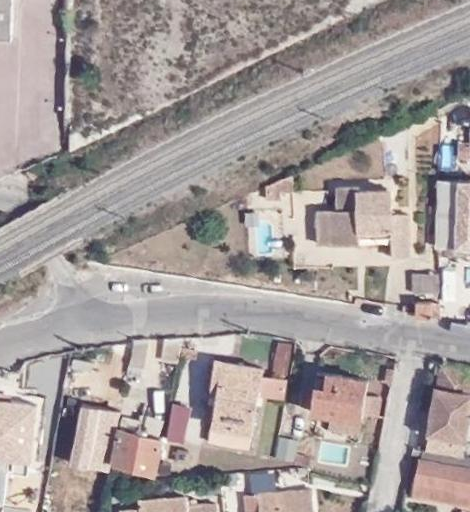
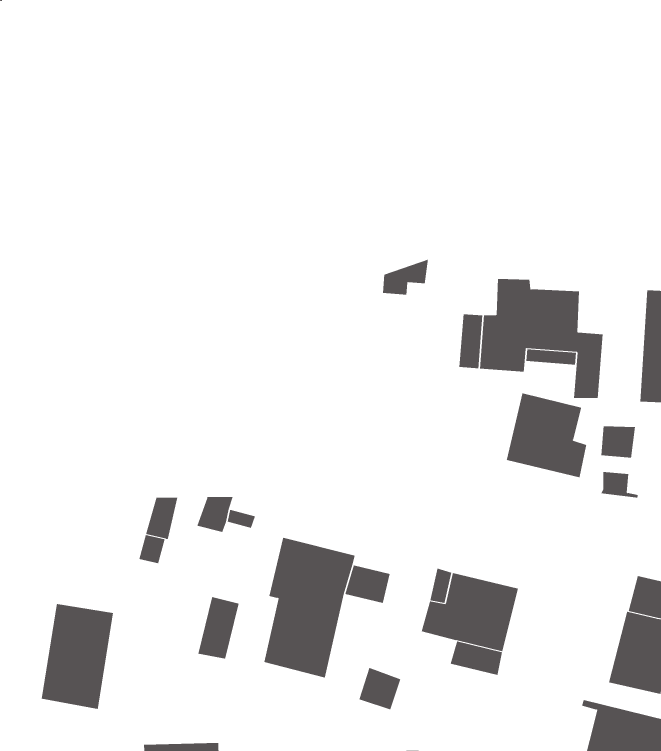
building: none -> [506,392,587,478]
building: [112,417,162,474] -> none

